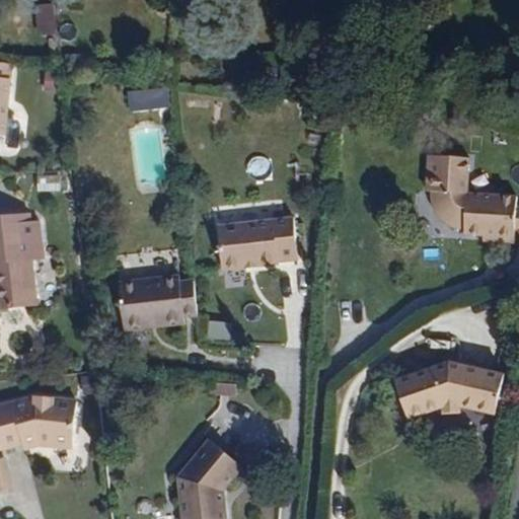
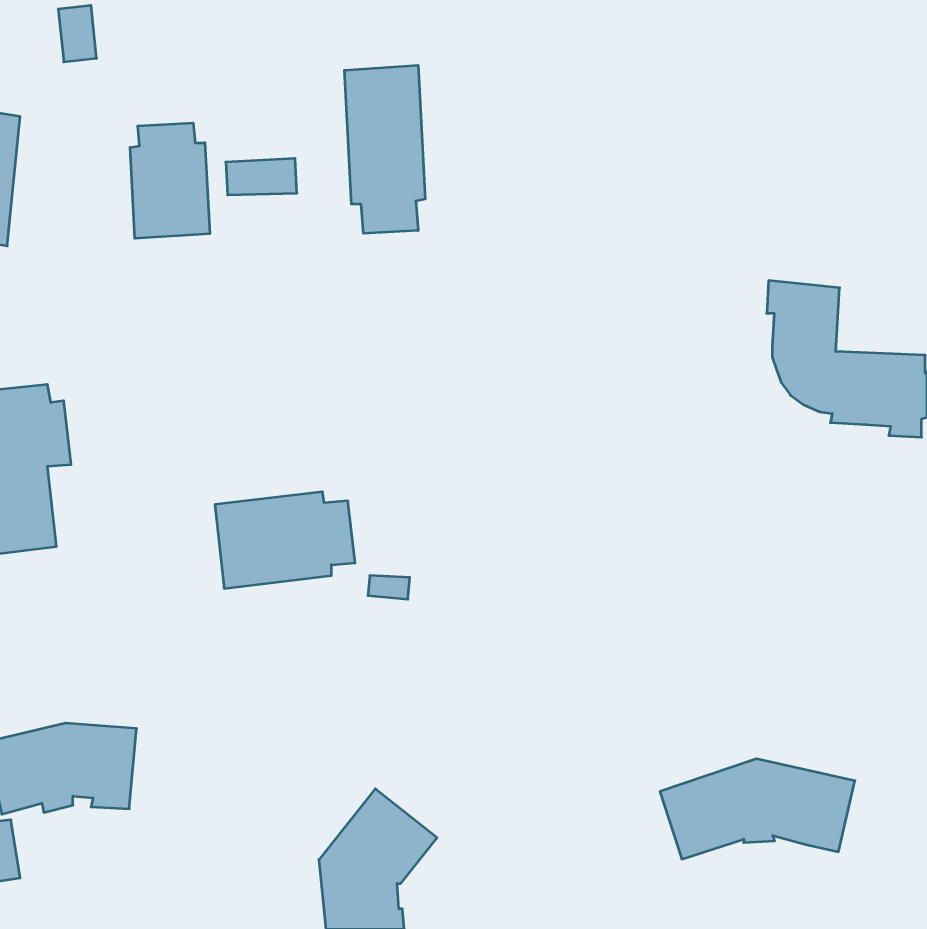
building: none -> [344,65,425,233]
building: none -> [130,123,210,238]
building: [218,215,298,268] -> none
building: [394,363,503,419] -> [660,759,855,859]

